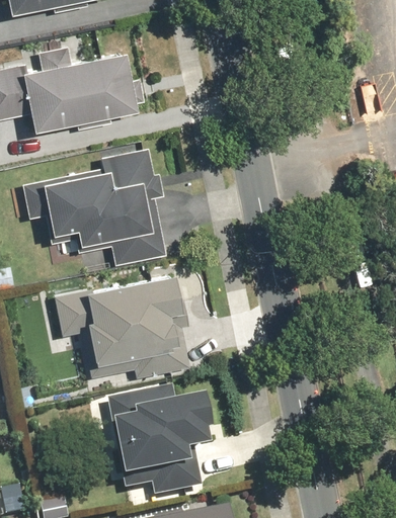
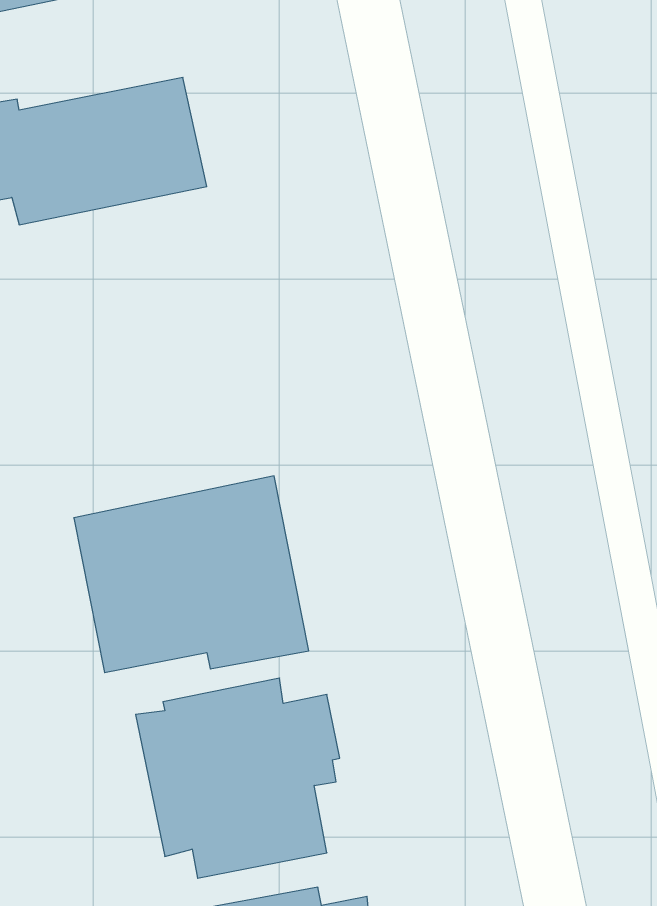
building: [42,148,168,263] -> none

